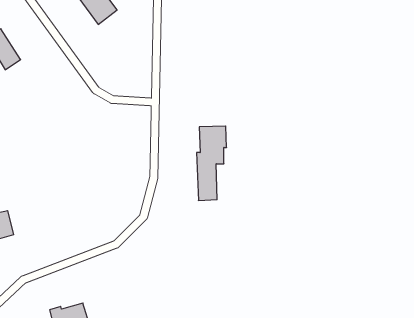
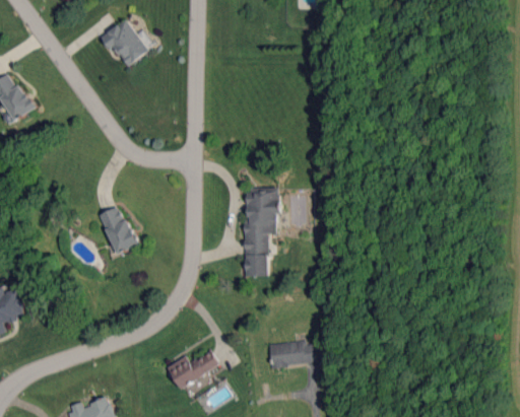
building: none -> [101,205,137,254]
building: none -> [269,341,313,365]
building: none -> [167,349,219,388]

